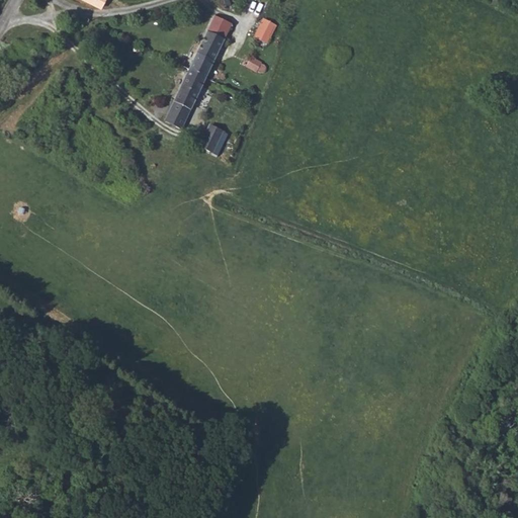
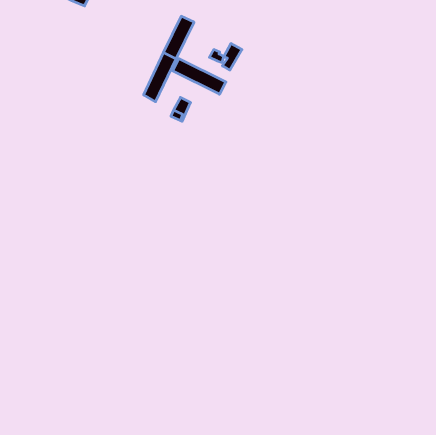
building: [252,18,275,50] -> [222,44,242,70]
building: none -> [172,59,226,94]

